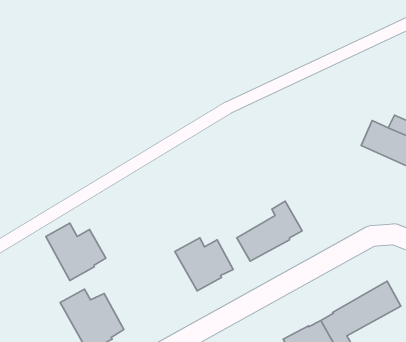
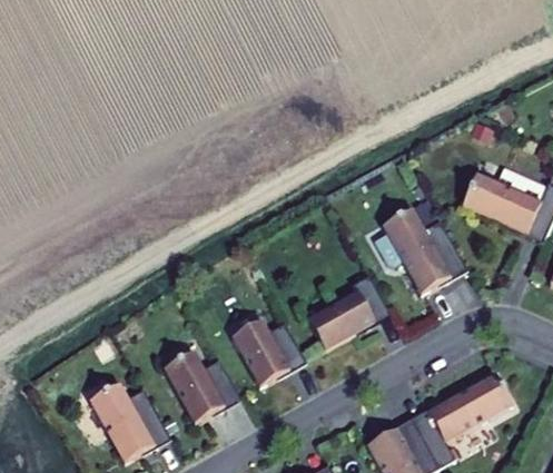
building: none -> [383,208,465,294]
building: [46,223,106,280] -> [164,351,238,422]

